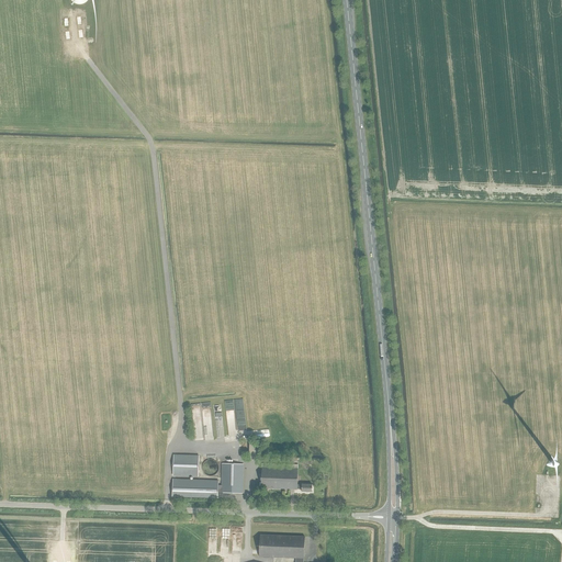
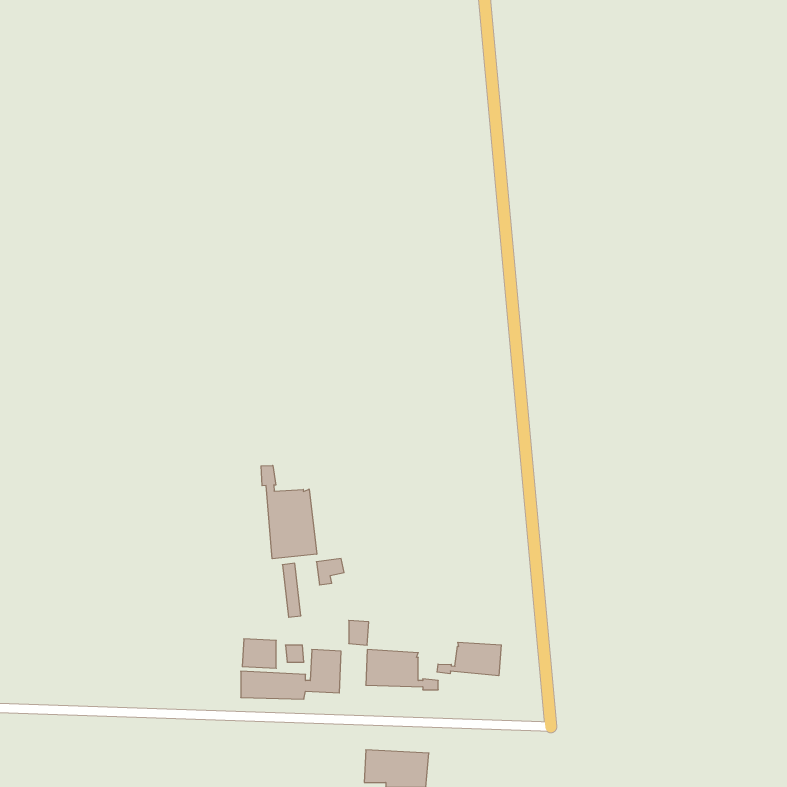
building: none -> [261,465,317,559]
building: none -> [437,642,501,676]

